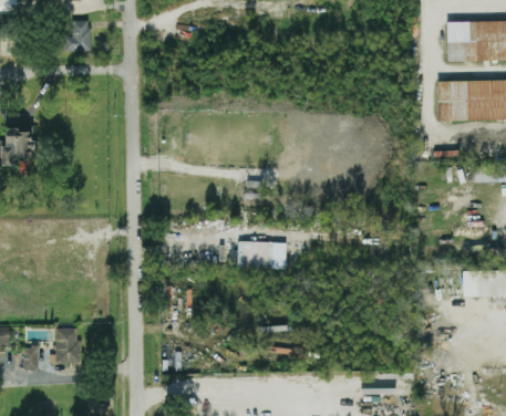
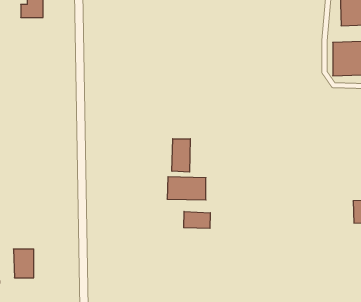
building: none -> [172,139,190,172]
building: none -> [184,211,210,228]

